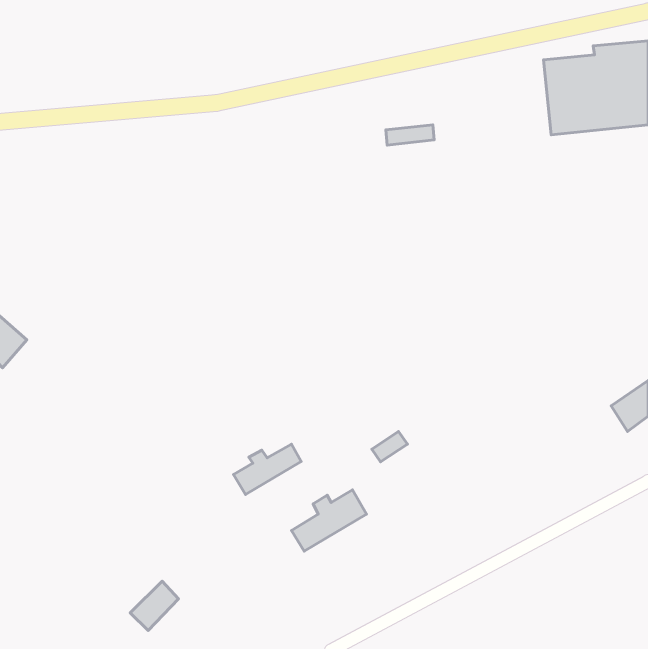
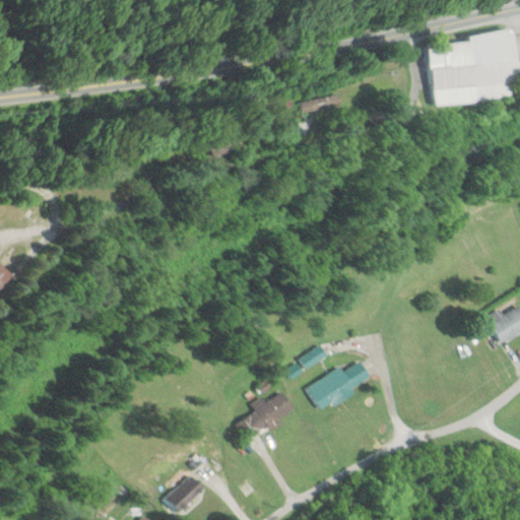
building: [234,444,301,494] -> none
building: none -> [306,361,371,410]
building: [130,581,179,631] -> [164,473,202,513]

